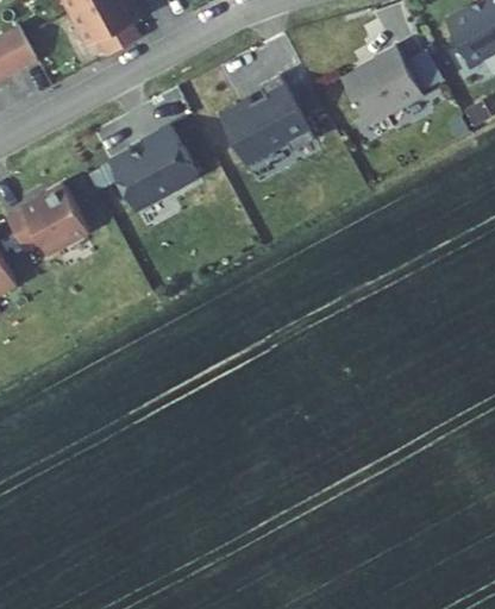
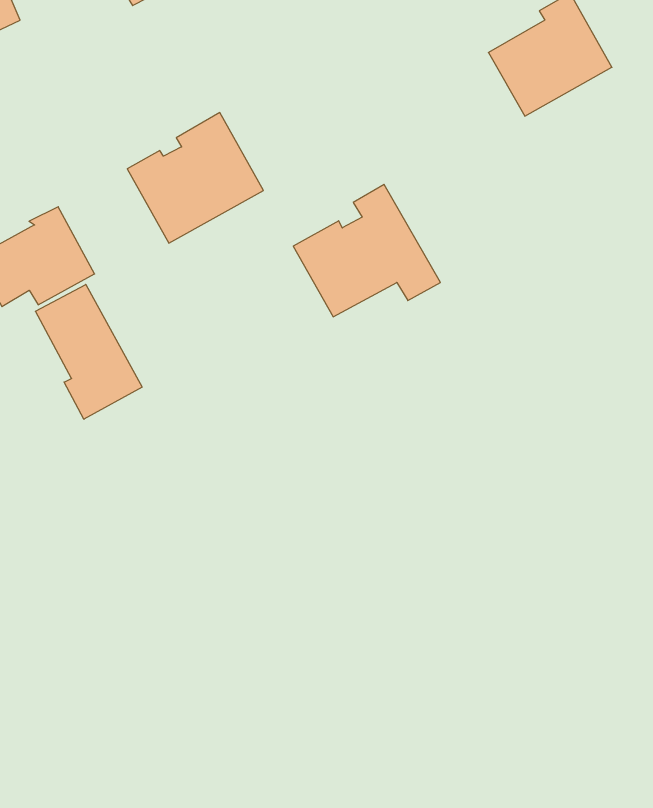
building: [230,75,326,162] -> [293,184,440,317]
building: none -> [35,284,142,419]

